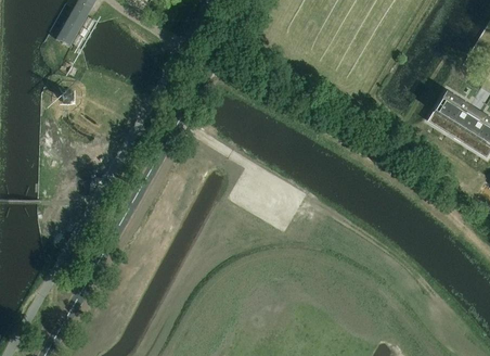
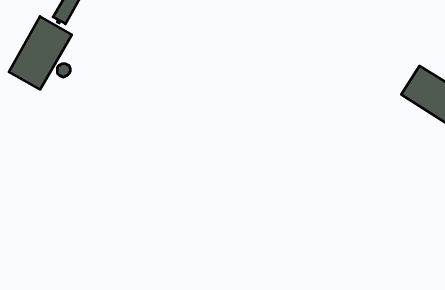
building: none -> [9,16,72,89]

